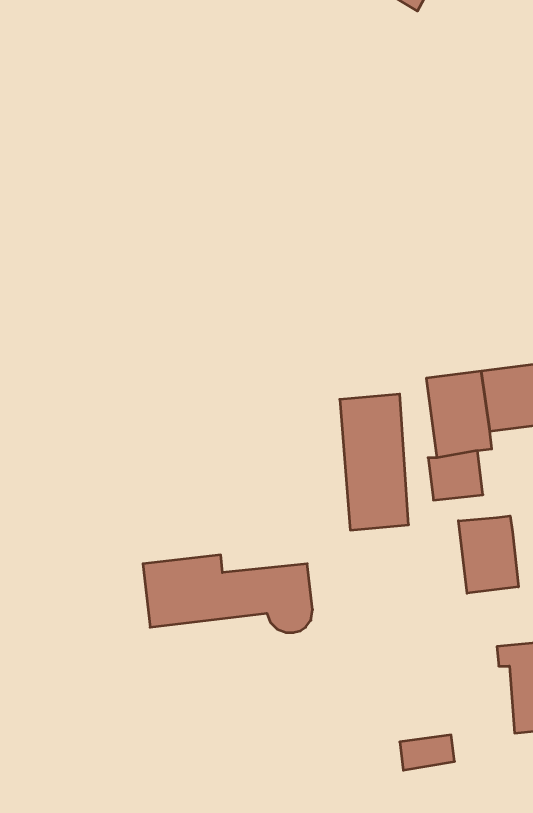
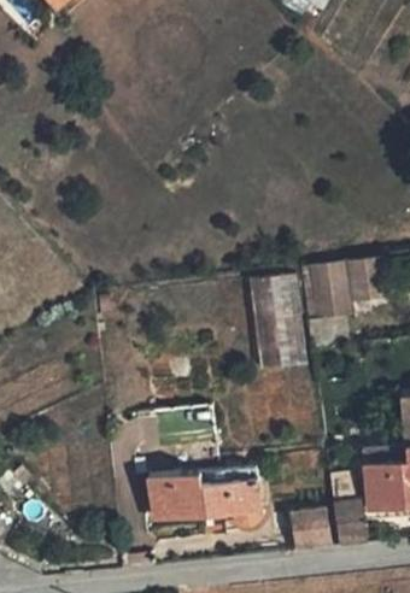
building: [458,516,518,593] -> none
building: [143,555,313,633] -> [147,469,263,522]
building: none -> [334,497,369,545]

